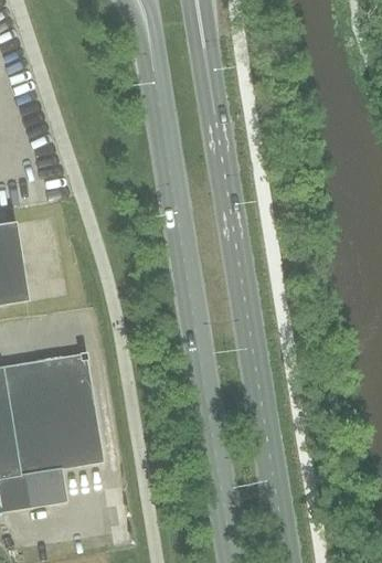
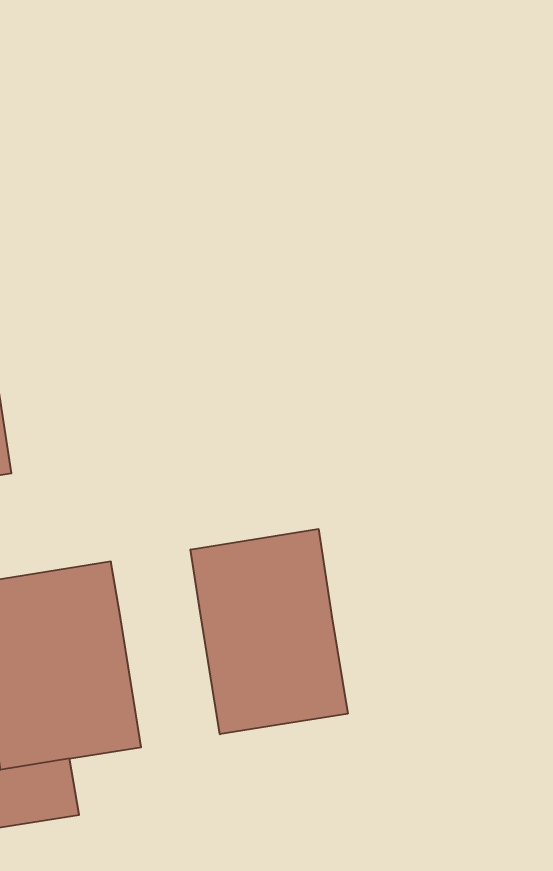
building: none -> [191,529,348,734]

